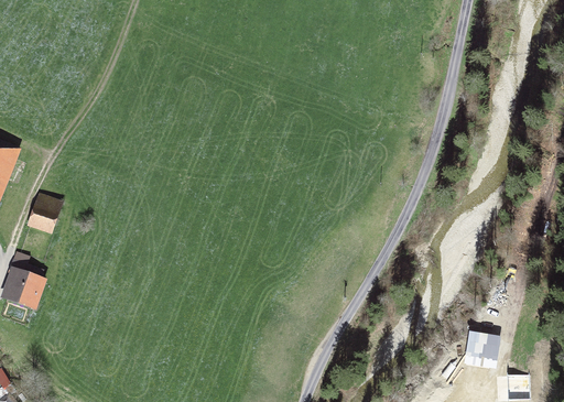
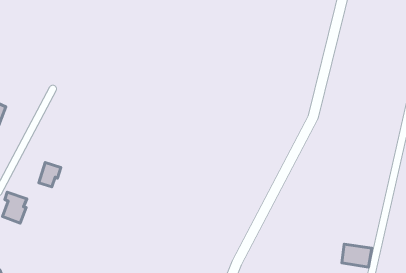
building: [30,197,59,230] -> [39,163,61,187]

